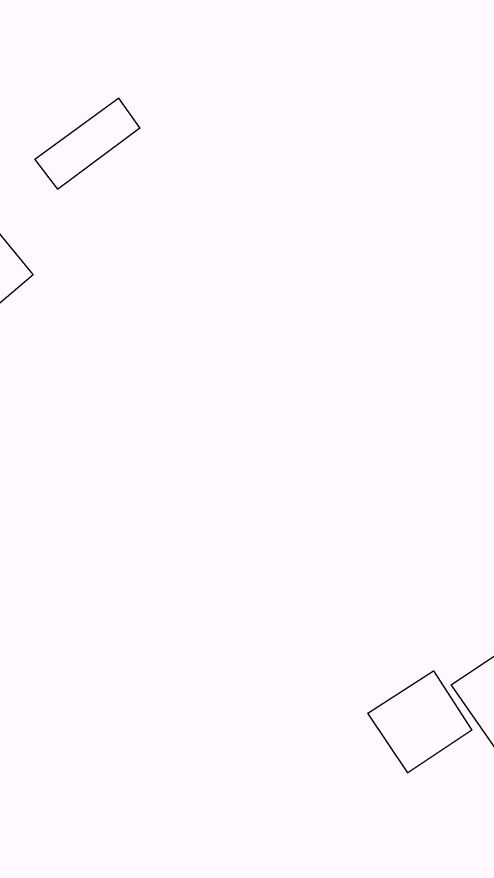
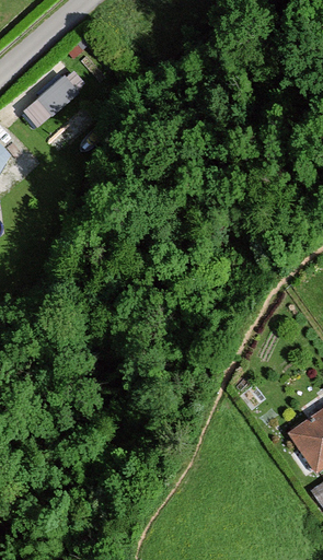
building: [368,671,472,773] -> none

